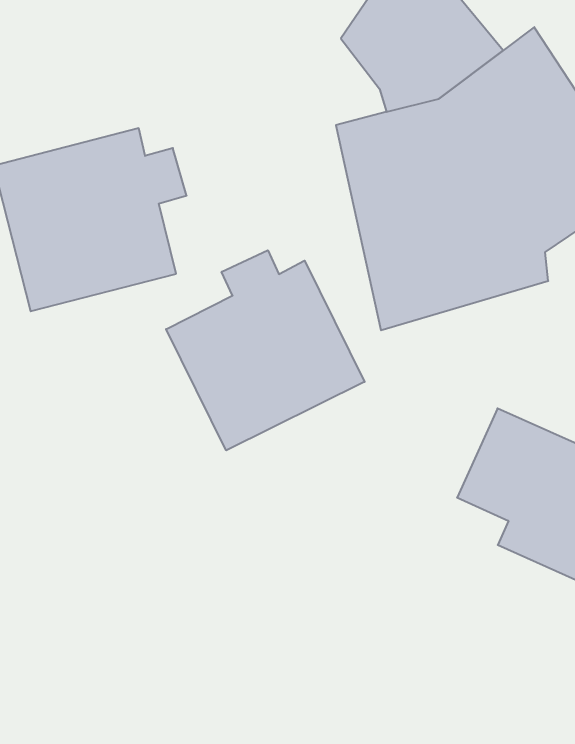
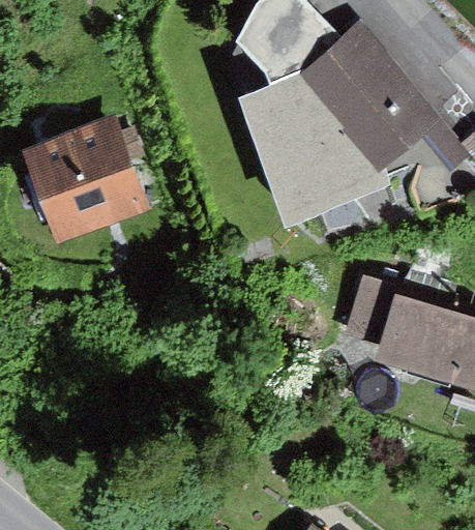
building: [166,250,365,450] -> none

